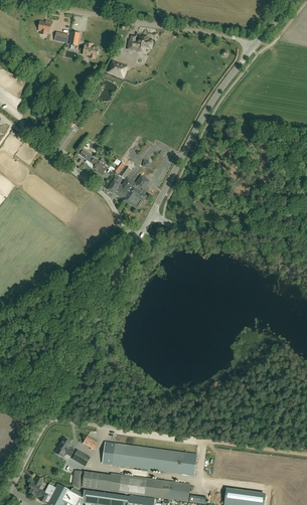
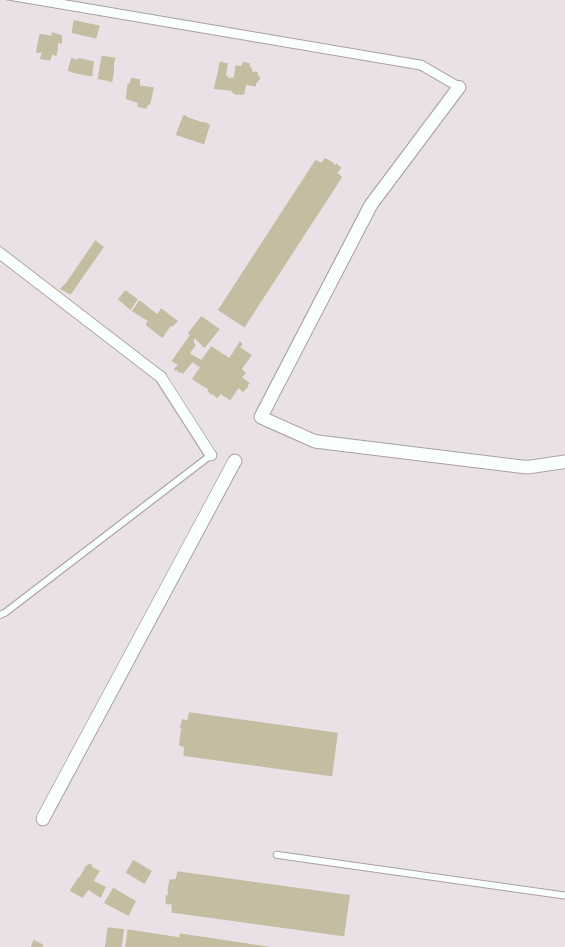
building: none -> [217,157,343,328]
building: none -> [178,712,338,777]

